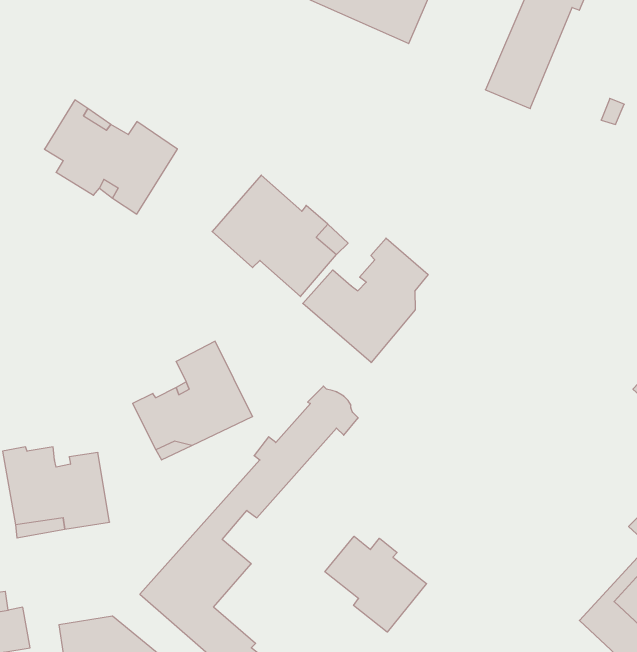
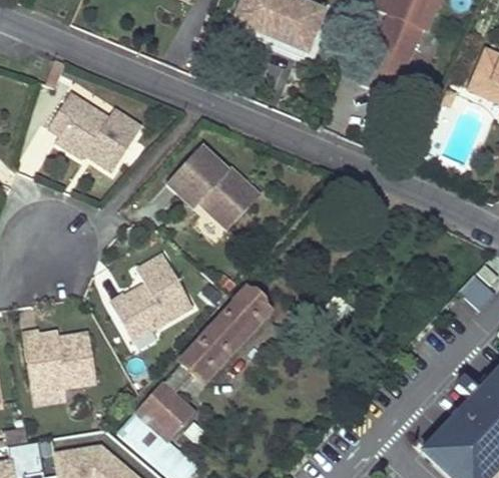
building: [303,238,428,363] -> none
building: [325,536,427,632] -> none

